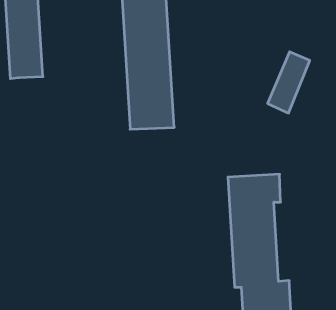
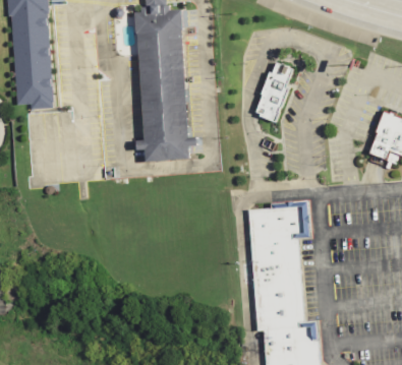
building: [268,52,310,113] -> [252,60,297,125]

